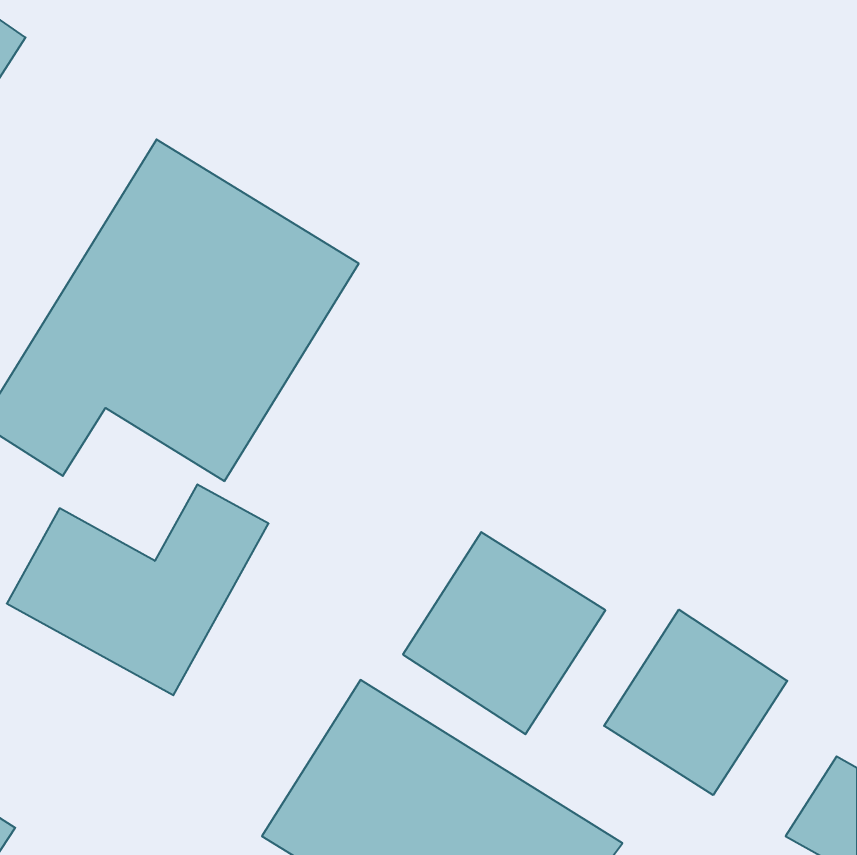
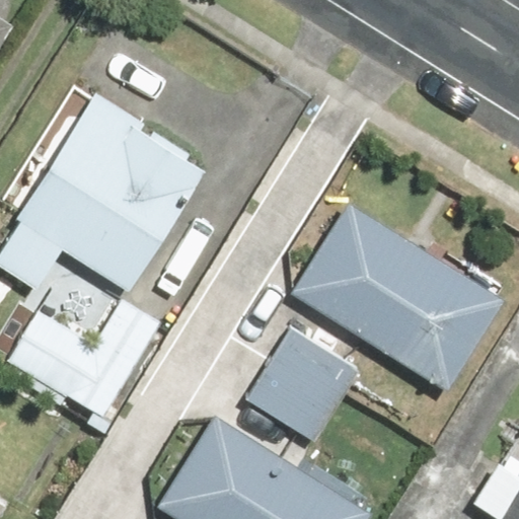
building: none -> [289,201,505,390]
building: [604,610,787,795] -> none

